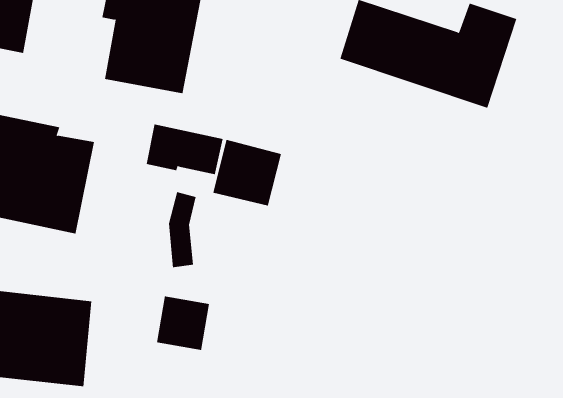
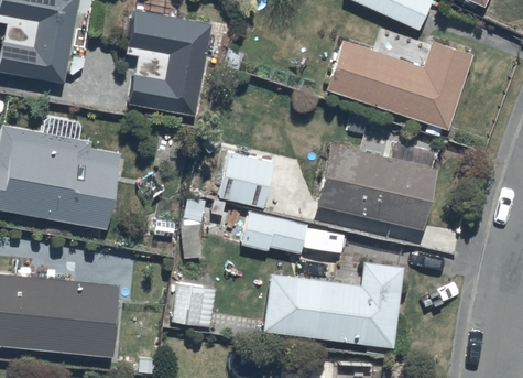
building: [146,124,223,175] -> [243,214,307,256]
building: none -> [315,142,436,228]
building: none -> [262,262,401,346]

